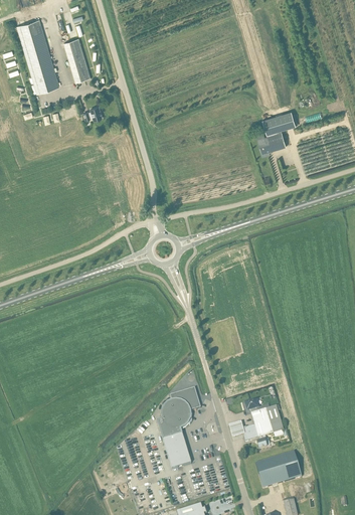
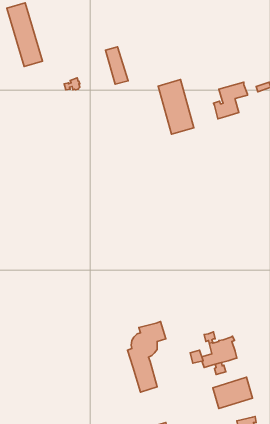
building: [64,38,91,81] -> [106,47,128,84]
building: none -> [158,80,194,134]

